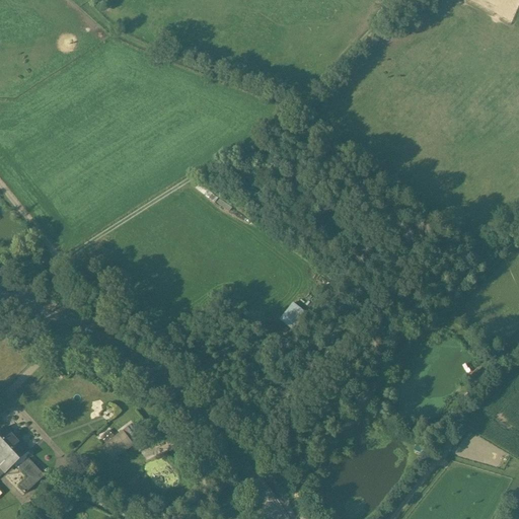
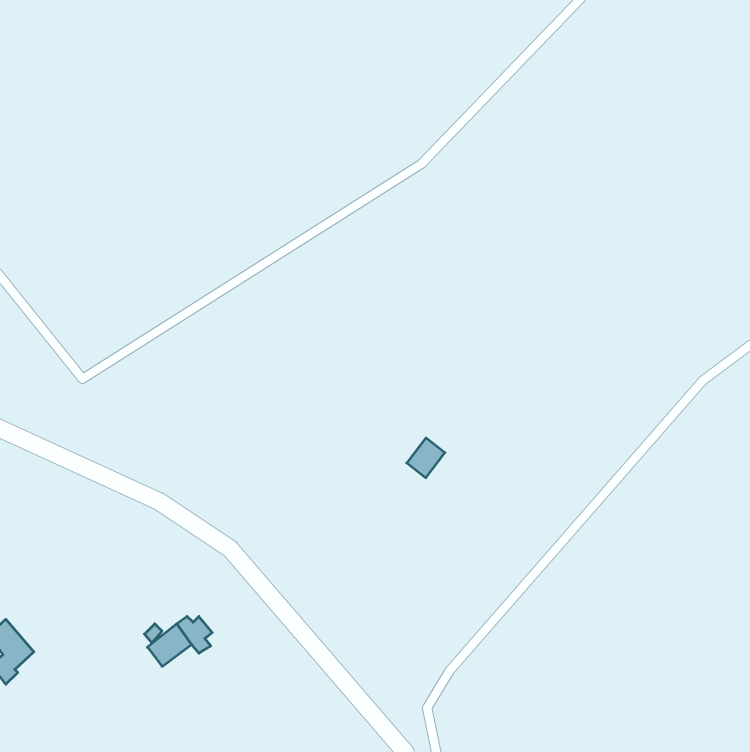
building: [17,457,43,492] -> none

